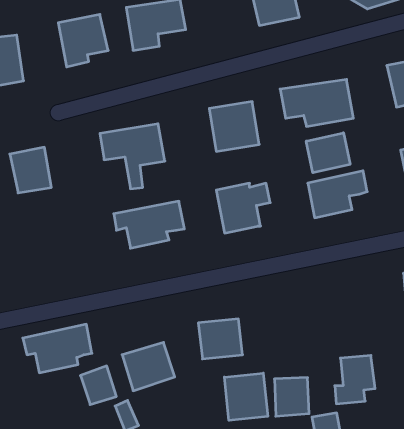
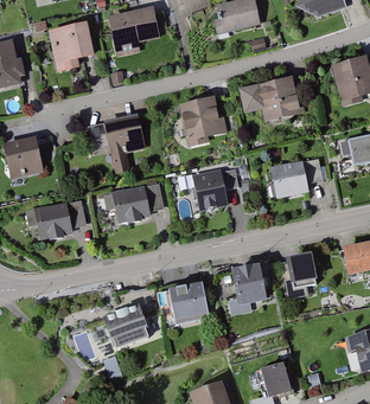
building: [306,133,350,173] -> none
building: [23,324,92,373] -> [20,198,79,239]
building: [335,355,375,404] -> [285,252,319,294]
building: [224,373,268,420] -> none
building: [274,378,309,416] -> [236,267,266,300]

